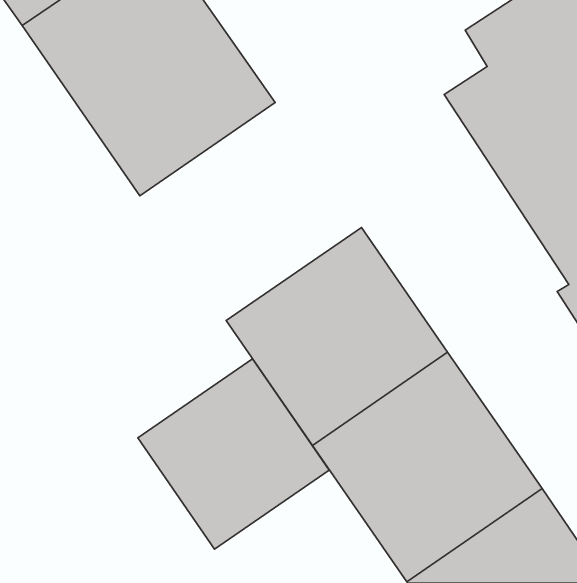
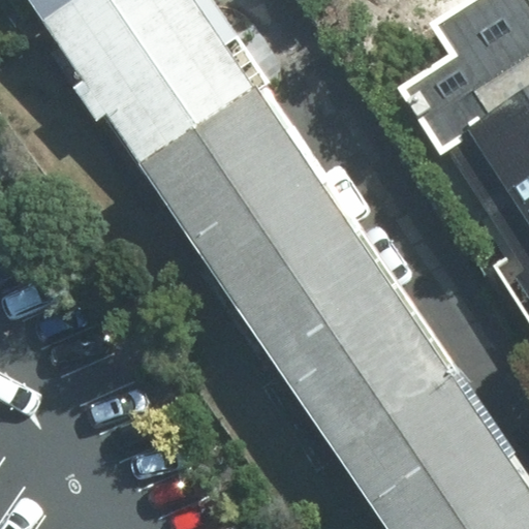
building: none -> [141,91,337,284]
building: [138,359,329,549] -> none

